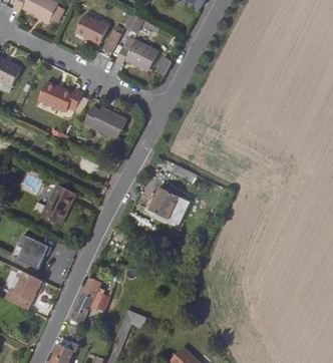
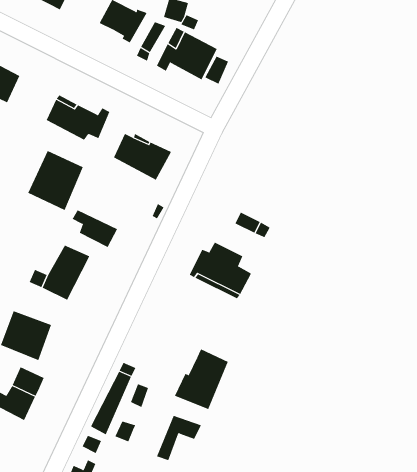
building: none -> [28,150,84,211]
building: none -> [72,209,118,248]
building: none -> [174,348,228,410]

